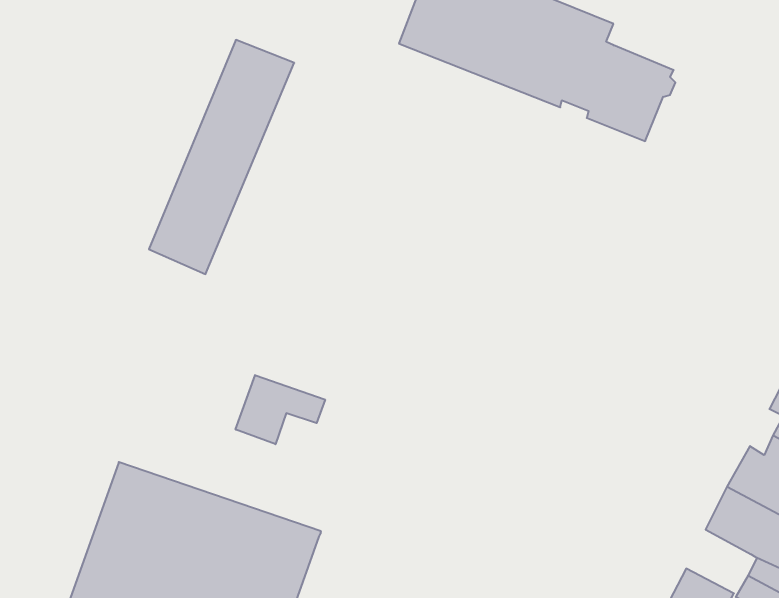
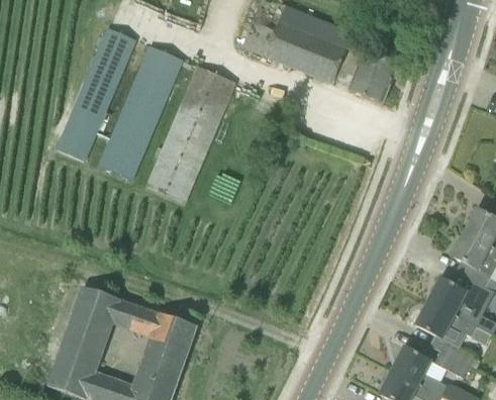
building: none -> [57,27,134,161]
building: none -> [145,66,234,202]
building: [236,375,325,444] -> none

